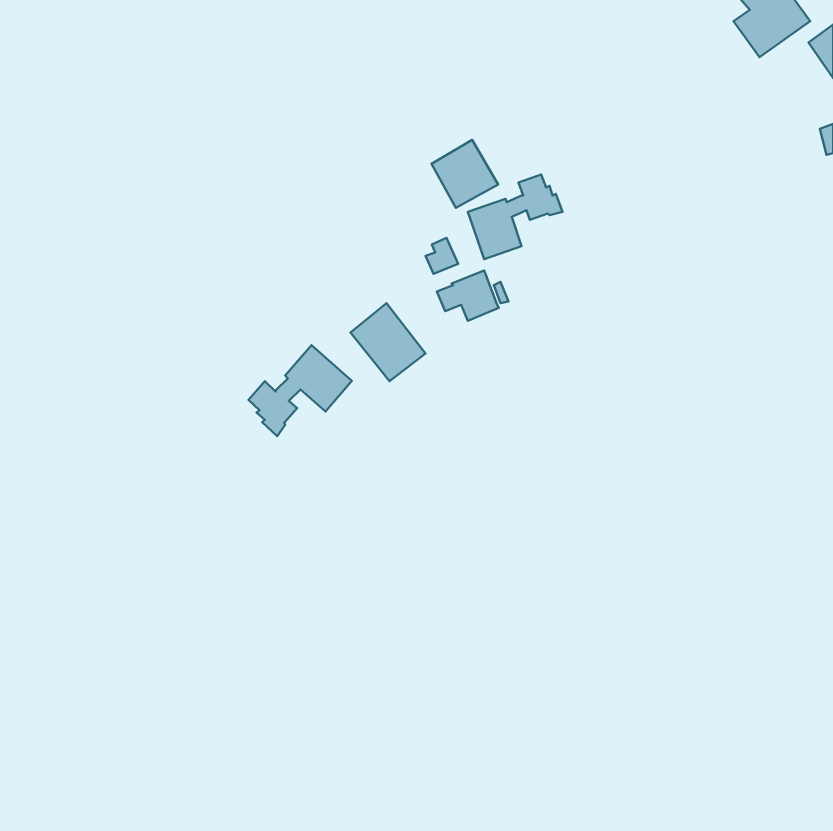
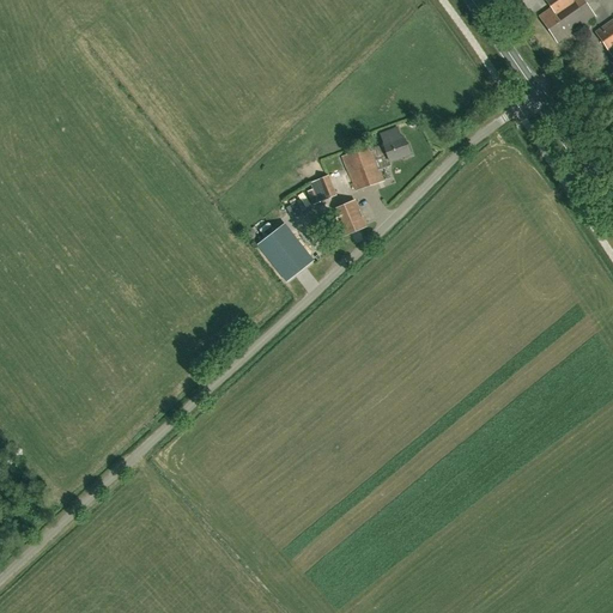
building: [431,140,498,208] -> none
building: [248,345,352,436] -> none

